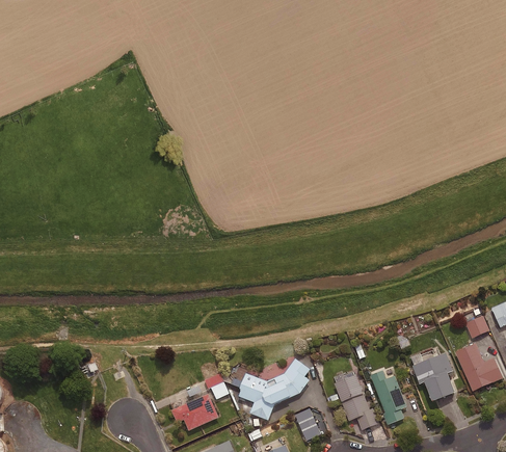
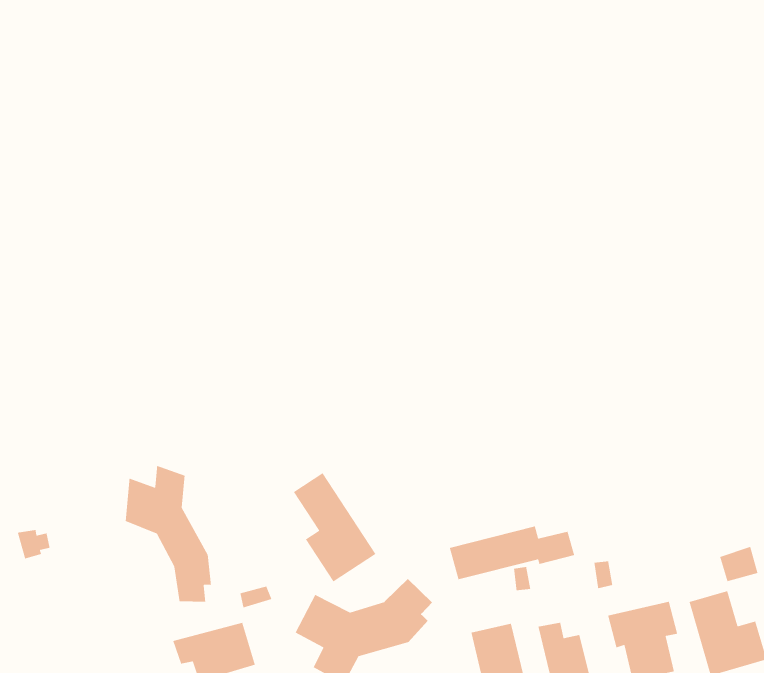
building: none -> [293,472,376,582]
building: none -> [125,465,212,602]
building: none -> [449,525,575,580]

